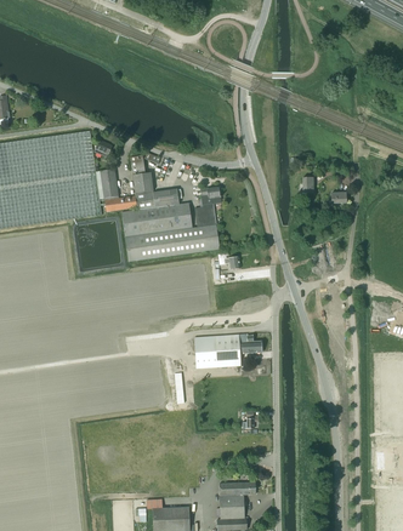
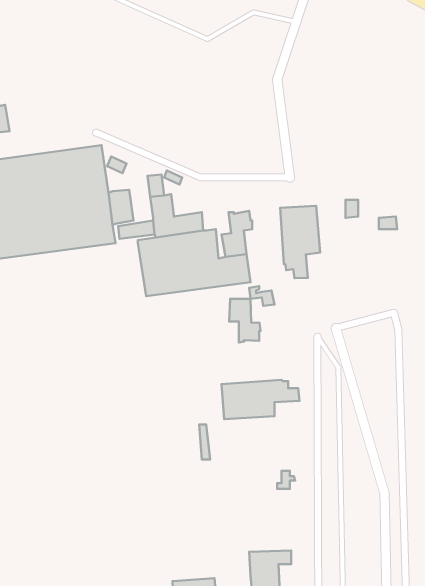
building: none -> [280,206,320,278]
building: none -> [229,299,260,342]

